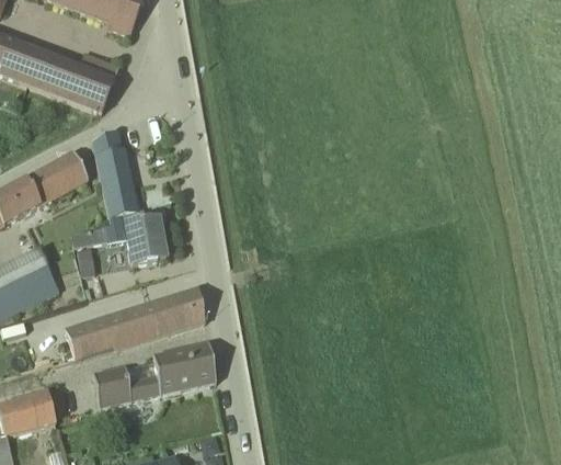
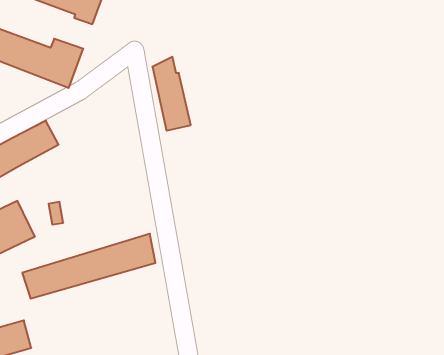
building: [92,129,138,218] -> [152,57,191,131]
building: [71,218,167,266] -> none
building: [94,343,216,408] -> none

